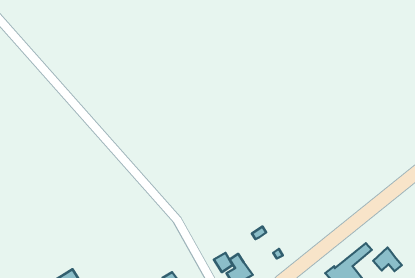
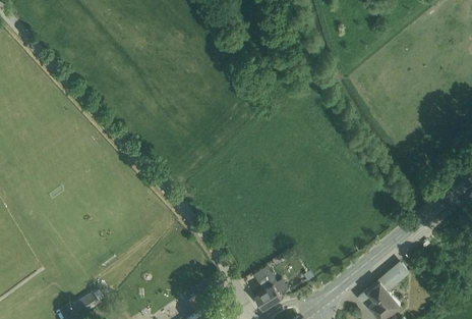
building: [373,247,402,271] -> none

